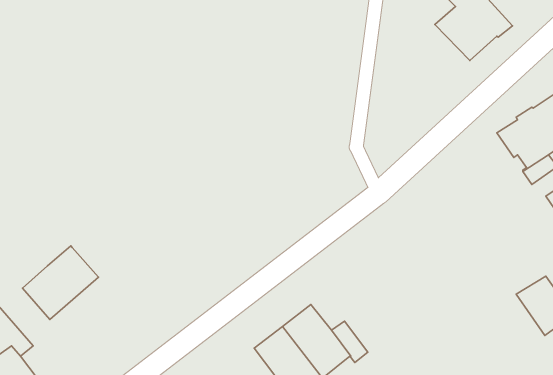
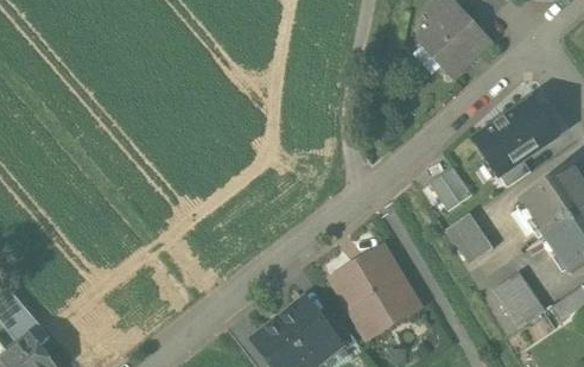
building: none -> [430,167,471,210]
building: none -> [446,213,494,264]
building: [22,246,98,320] -> none
building: none -> [338,255,413,330]

